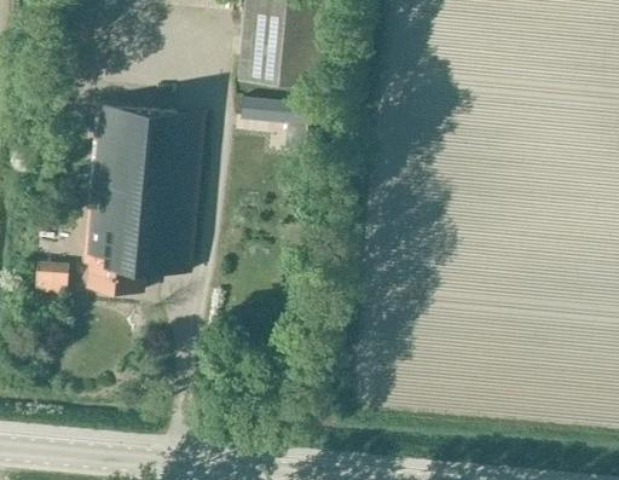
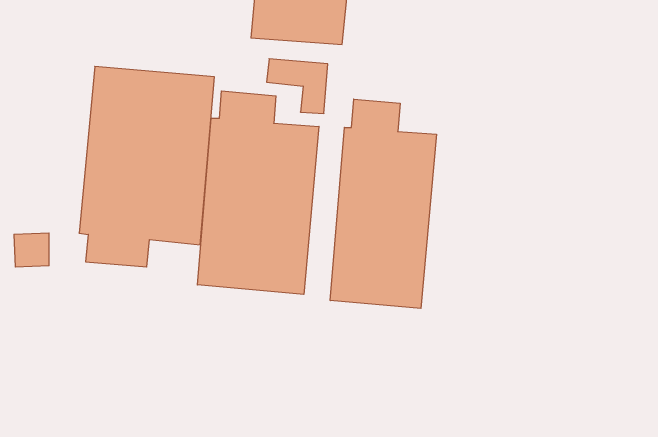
building: none -> [197,91,319,294]
building: none -> [330,99,436,308]

